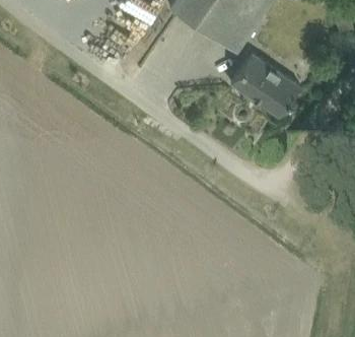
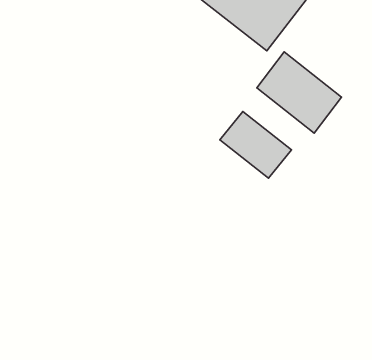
building: none -> [220,112,291,178]

